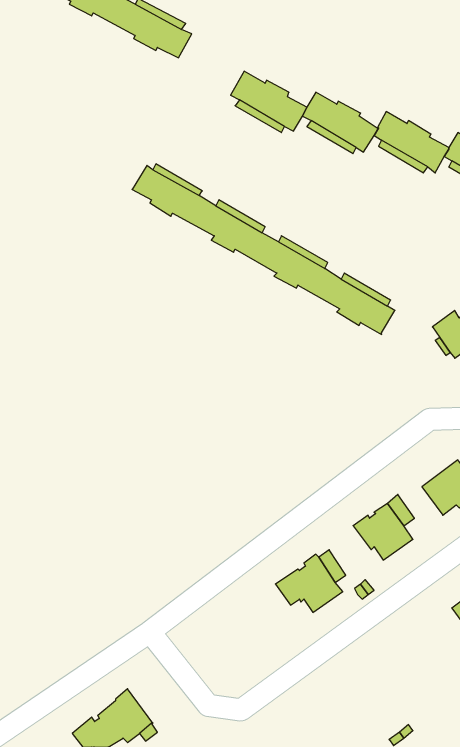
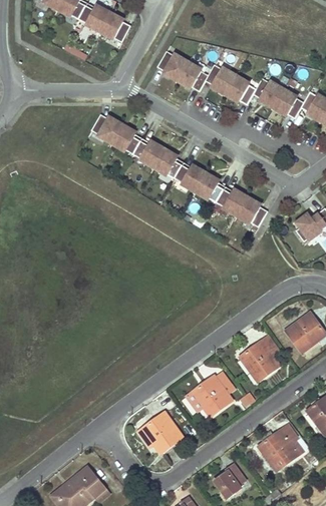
building: none -> [137,411,184,450]
building: none -> [259,426,299,468]
building: none -> [215,465,245,499]

